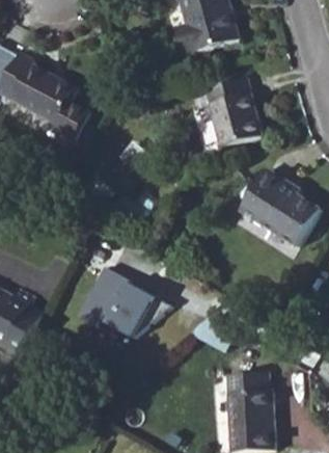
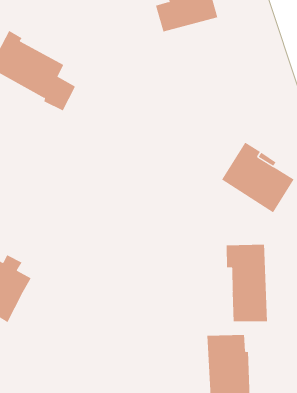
building: [205,77,262,146] -> none
building: [76,267,172,339] -> none
building: none -> [226,244,267,322]

